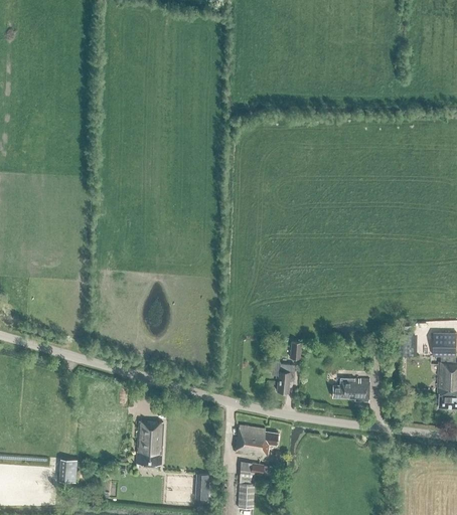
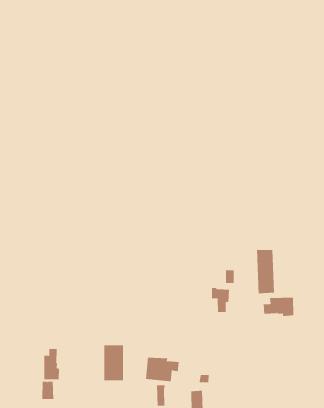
building: none -> [256,249,274,294]
building: none -> [44,348,59,380]
building: [236,424,278,456] -> [145,357,179,382]

